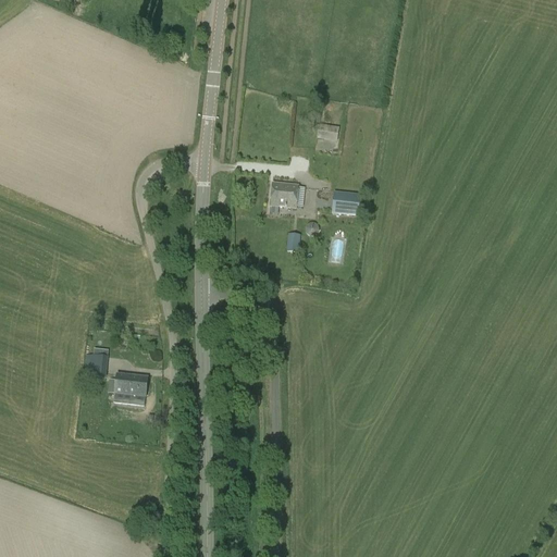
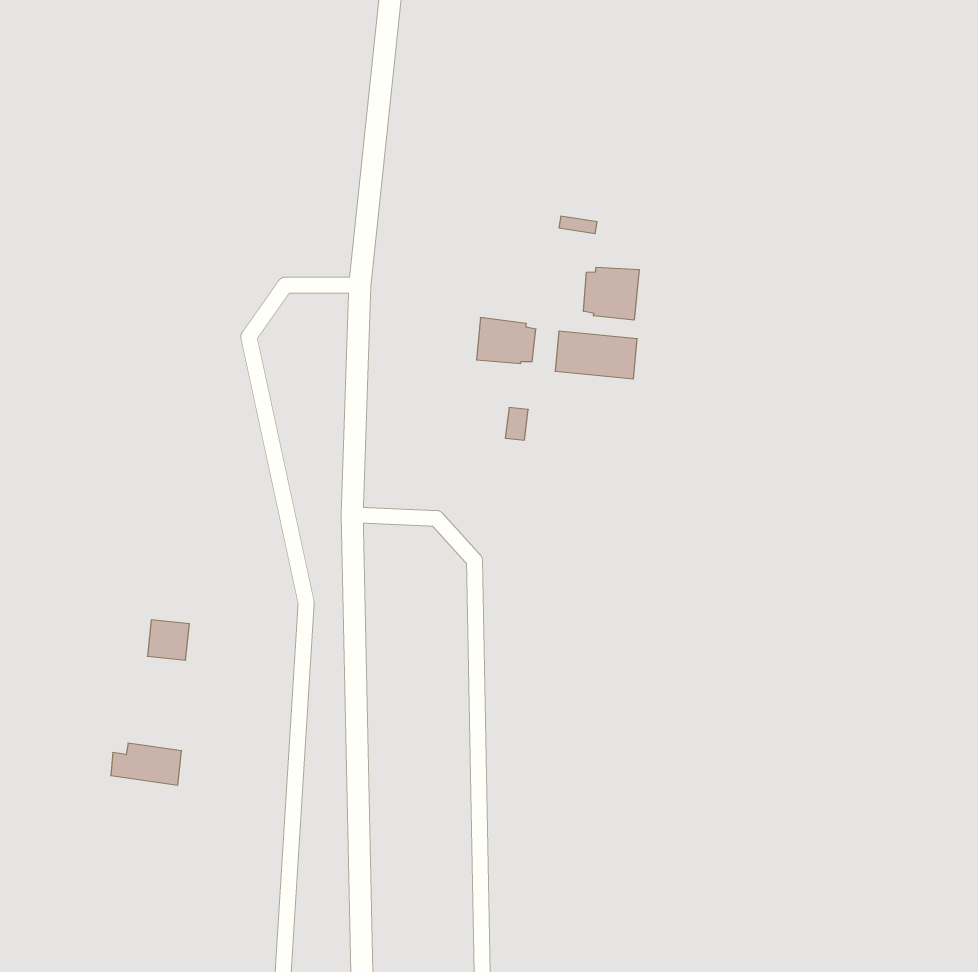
building: none -> [583,267,639,320]
building: [108,372,148,396] -> [111,743,182,785]

